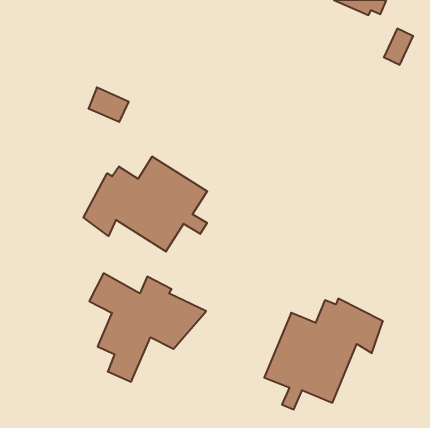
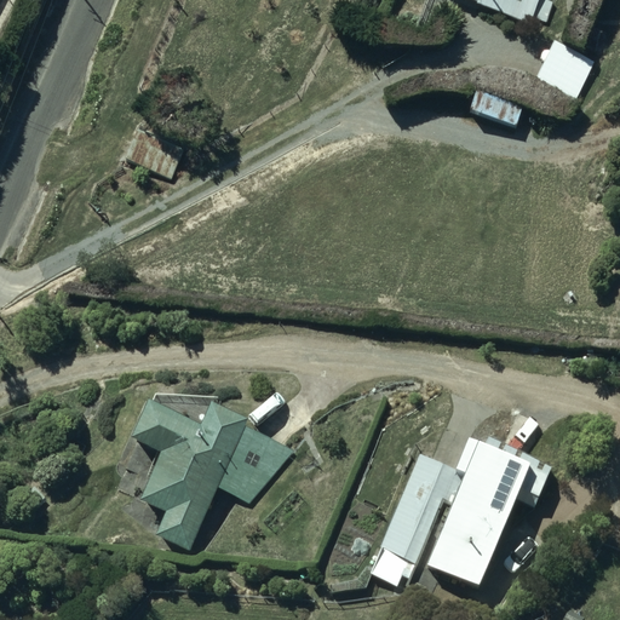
building: [83,156,207,252] -> none

